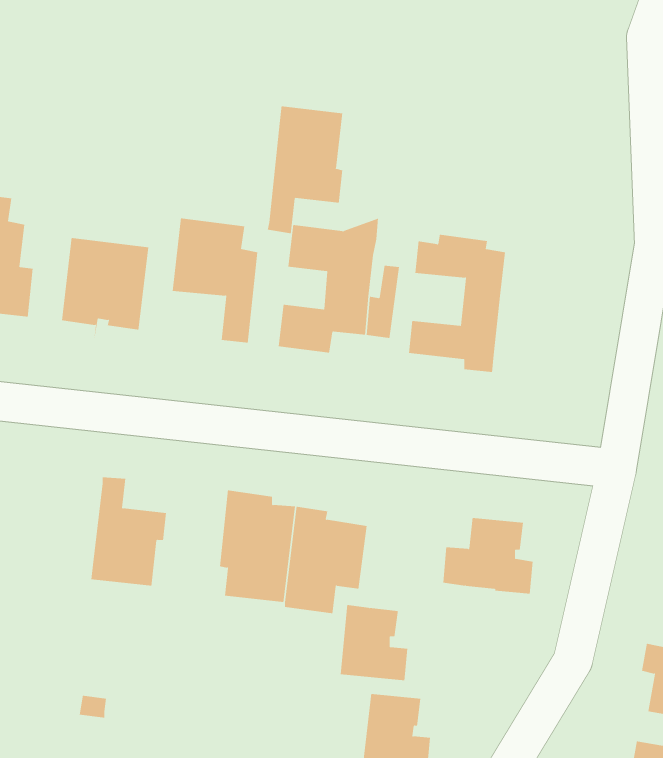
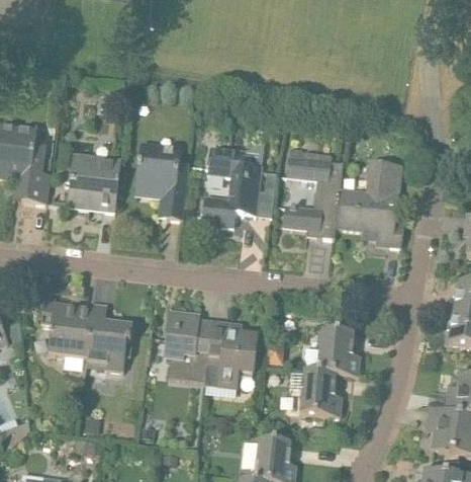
building: [267,106,343,234] -> none
building: none -> [336,160,404,246]
building: none -> [40,297,92,357]
building: [340,604,408,681] -> [299,369,342,416]

